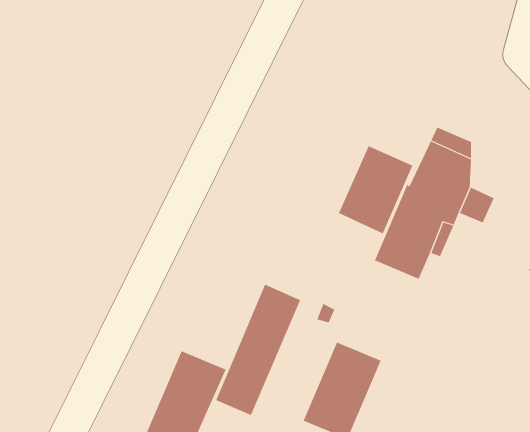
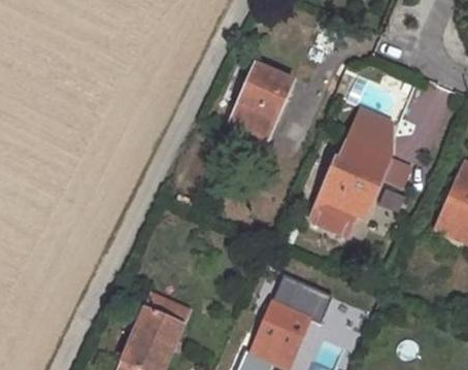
building: [338,146,413,234] -> [231,64,293,137]
building: [216,284,301,416] -> none

